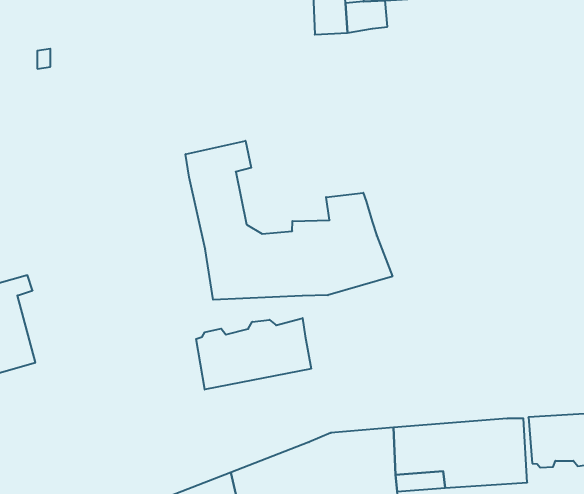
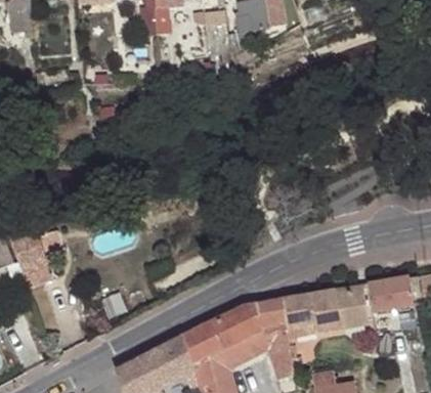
building: [186,141,392,300] -> none
building: [196,318,311,390] -> none

